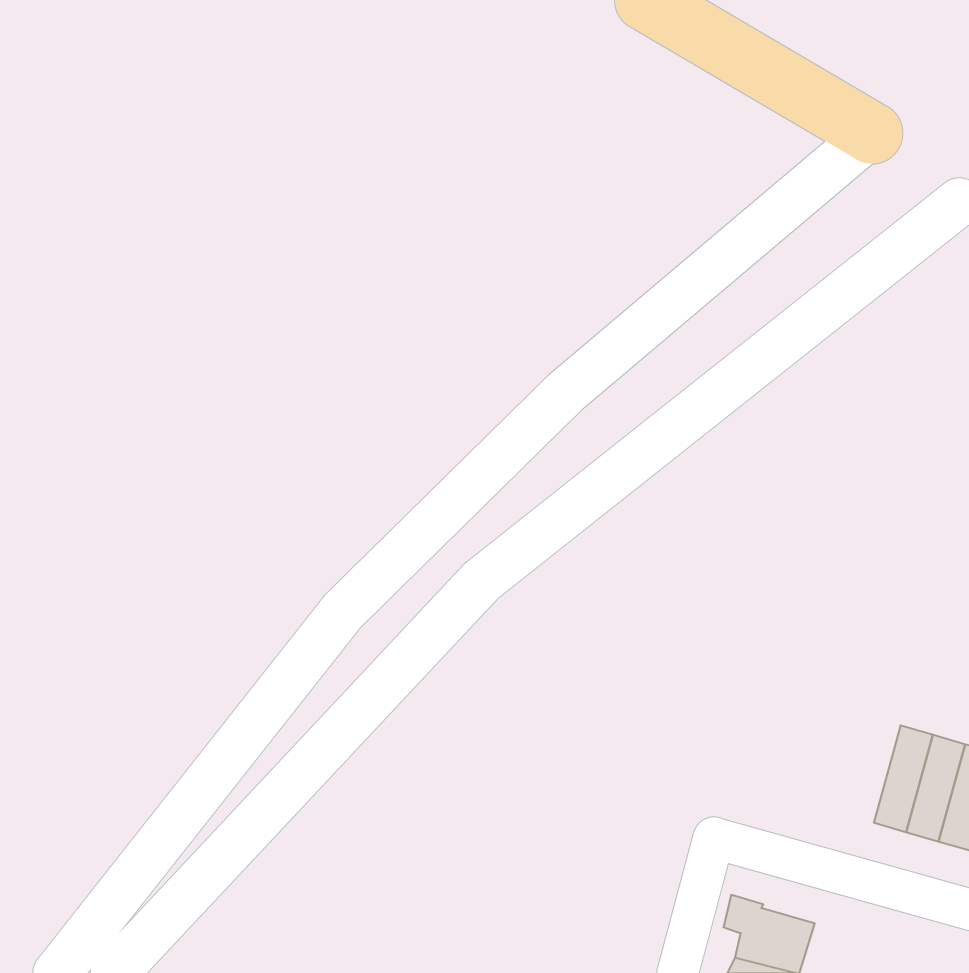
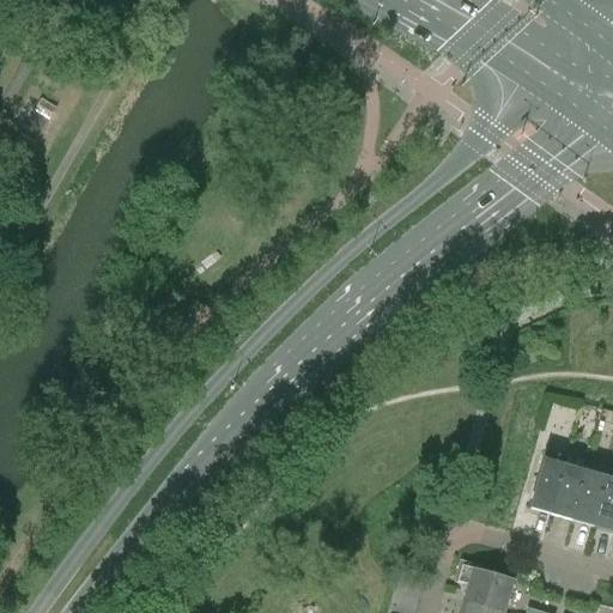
building: none -> [530,450,569,517]

